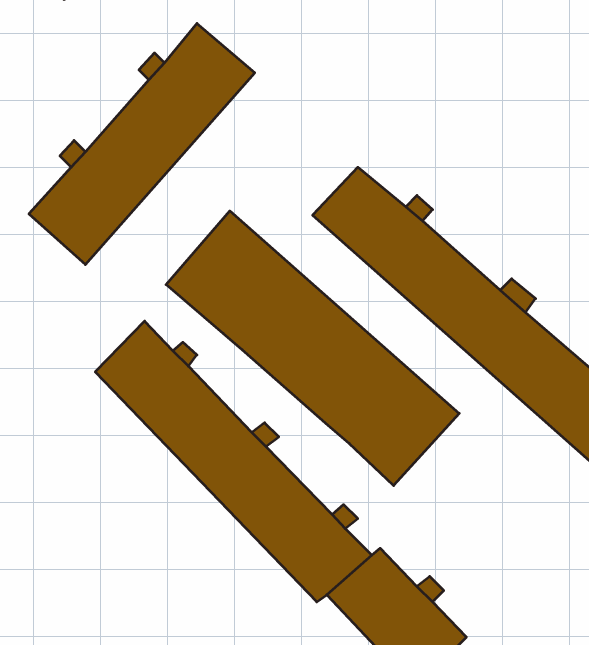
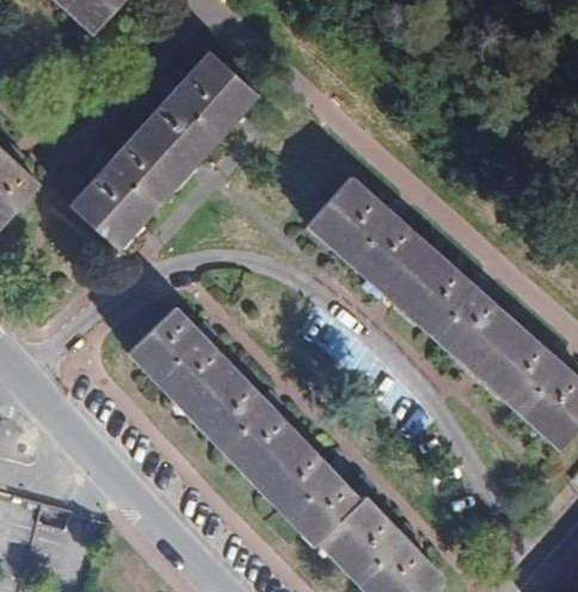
building: [166,211,459,486] -> none

